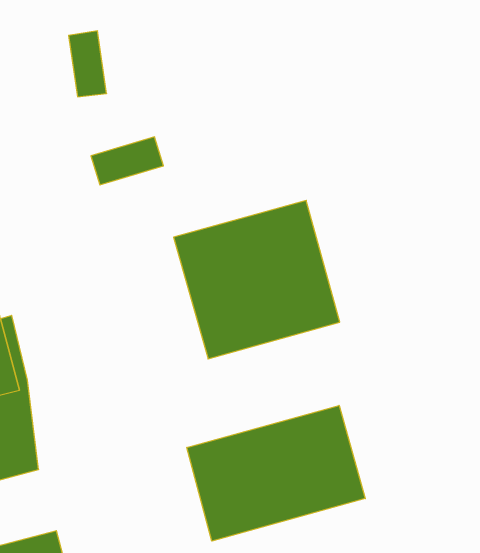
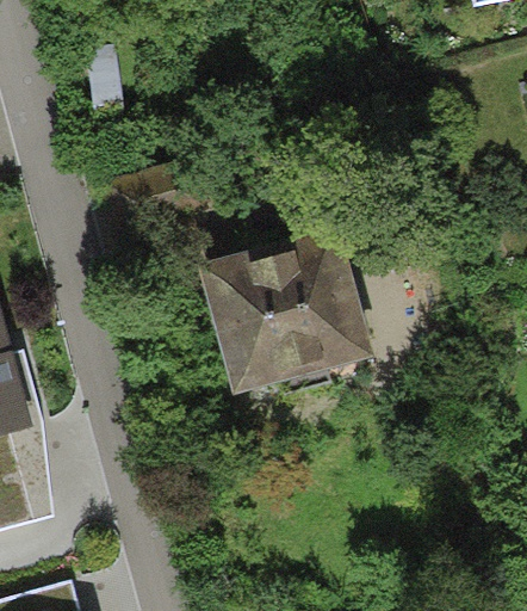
building: [187,405,365,541] -> none

